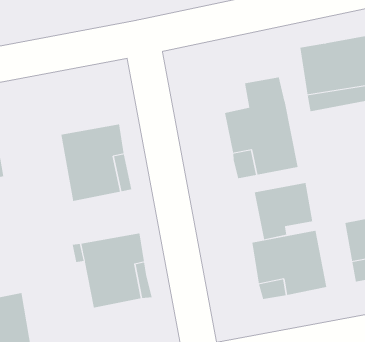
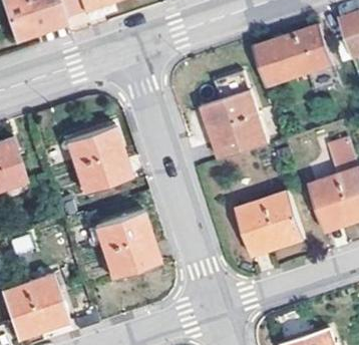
building: [254,182,313,240] -> none

